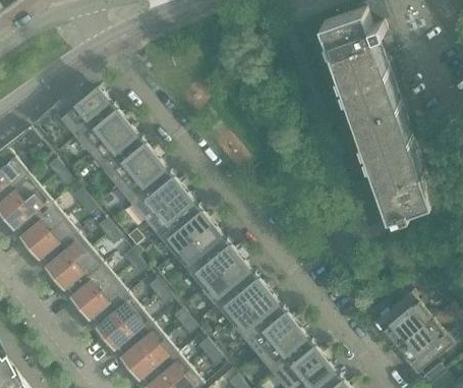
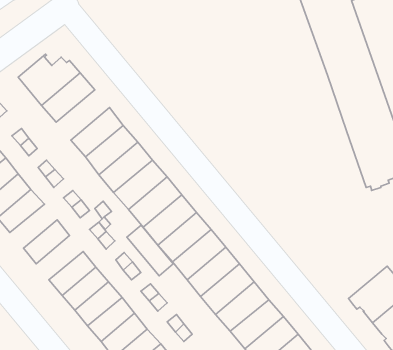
building: [90,121,141,170] -> none
building: [45,232,91,275] -> none
building: none -> [127,225,173,276]
building: [70,263,116,306] -> none

